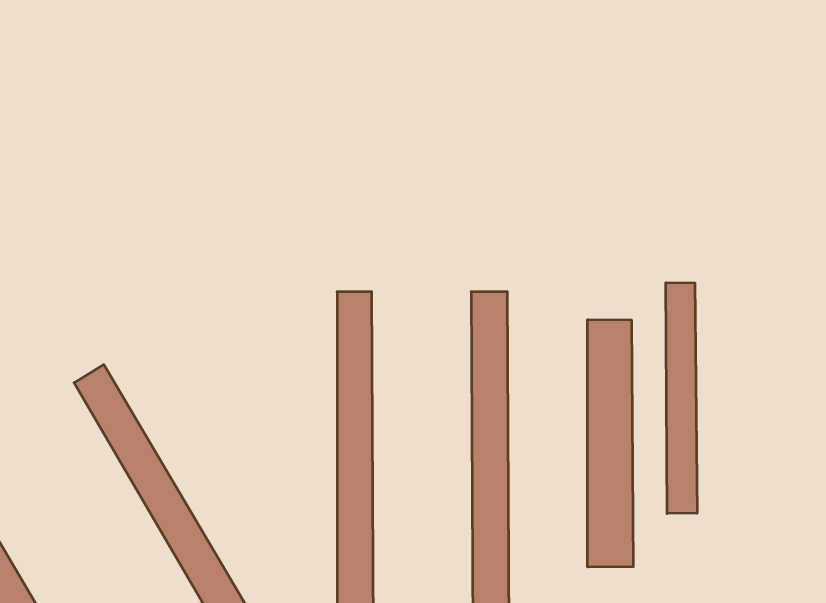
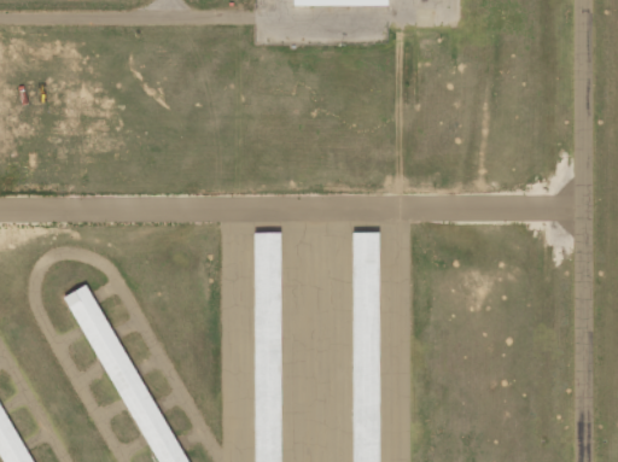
building: [666,283,697,514] -> none
building: [588,320,633,567] -> none

